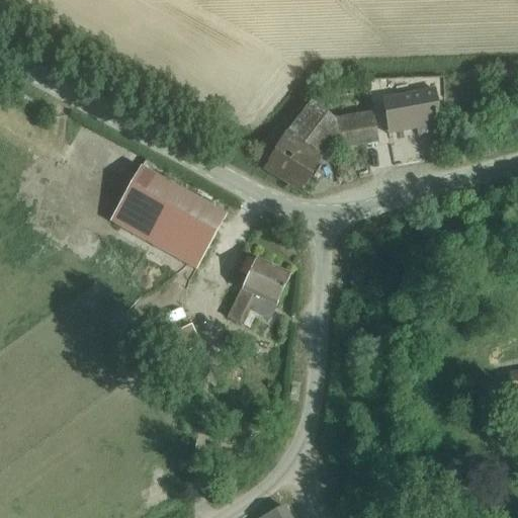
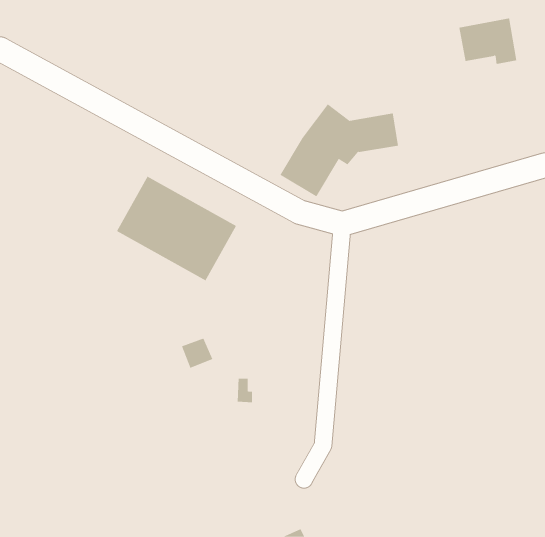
building: [382,86,438,131] -> [458,18,517,65]
building: [232,256,291,318] -> none

